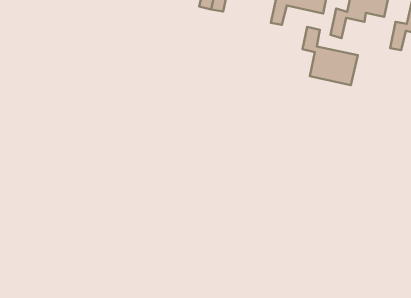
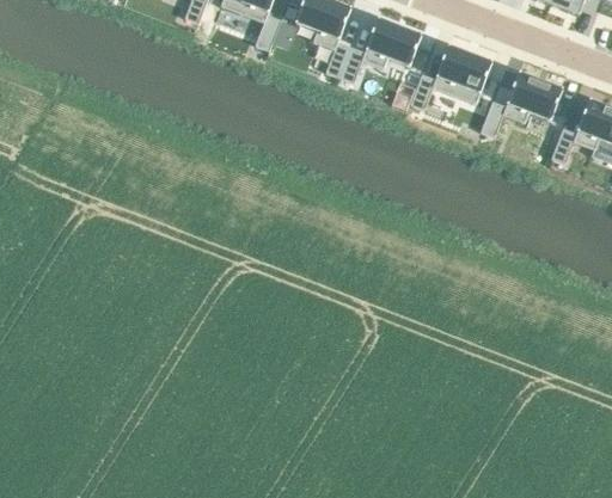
building: [302,27,358,85] -> none

